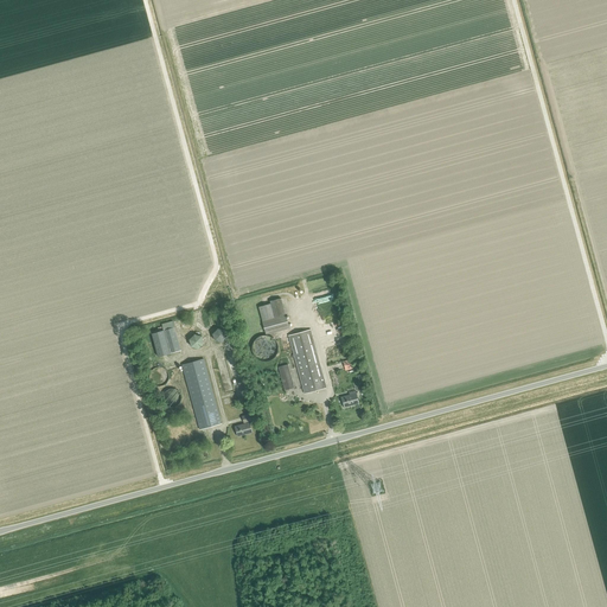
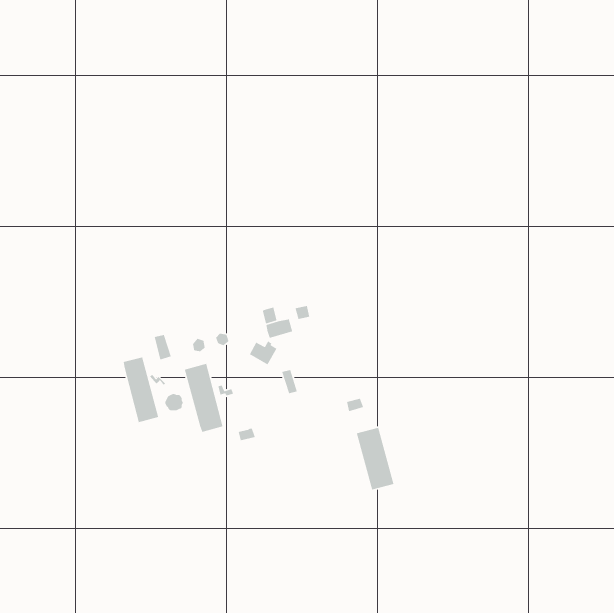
building: [288,330,326,392] -> [356,427,394,490]
building: none -> [123,357,159,423]

